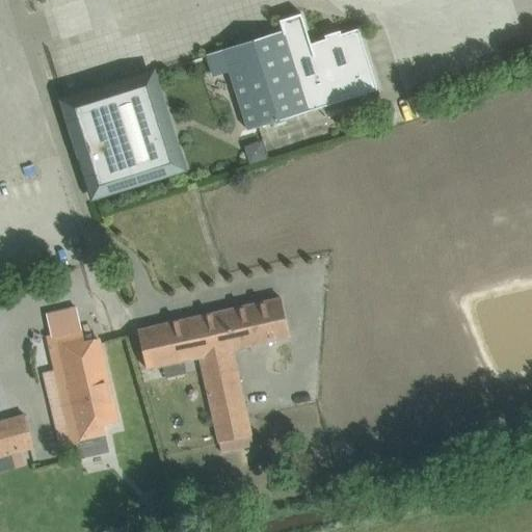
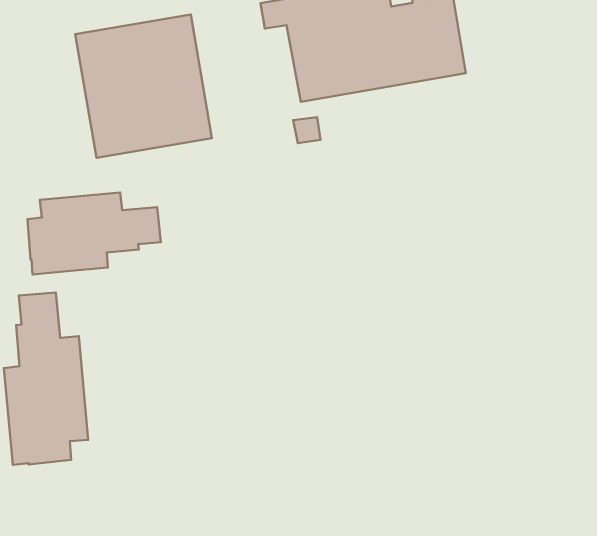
building: none -> [27,193,161,274]
building: [138,297,290,453] -> none

